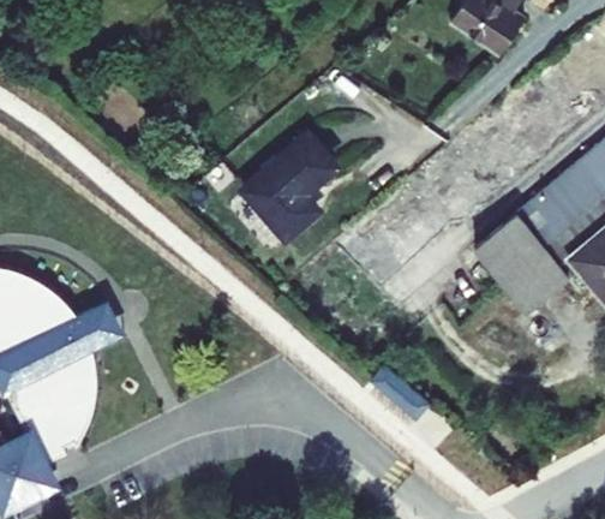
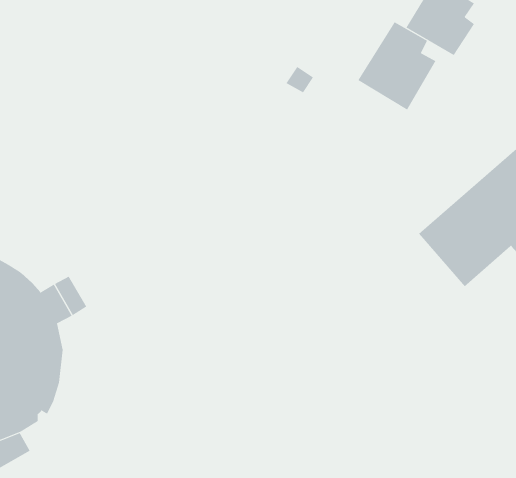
building: none -> [358,22,436,111]
building: [252,126,339,226] -> none

